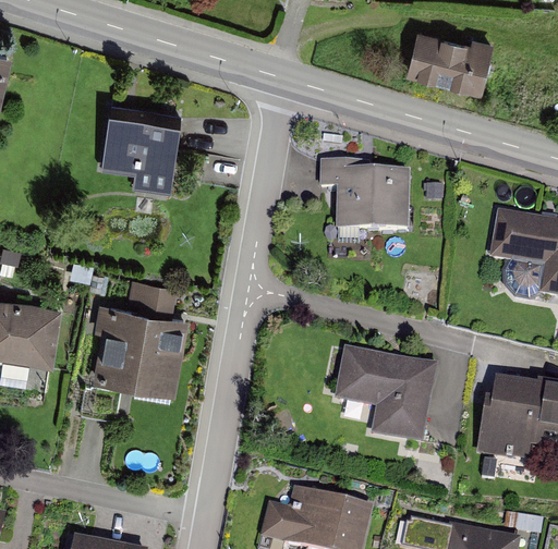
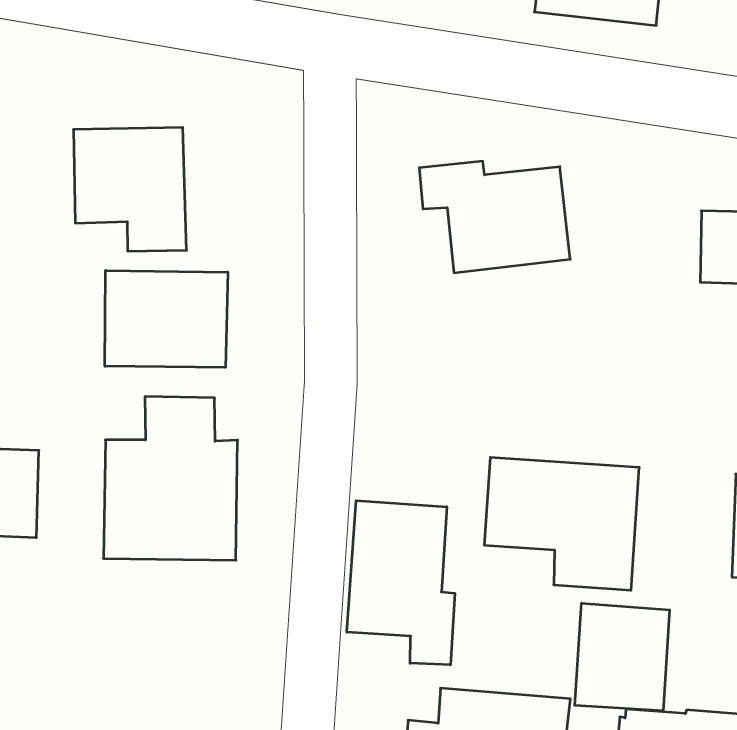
building: none -> [105,270,228,367]
building: none -> [347,501,455,665]
building: none -> [575,603,670,711]

